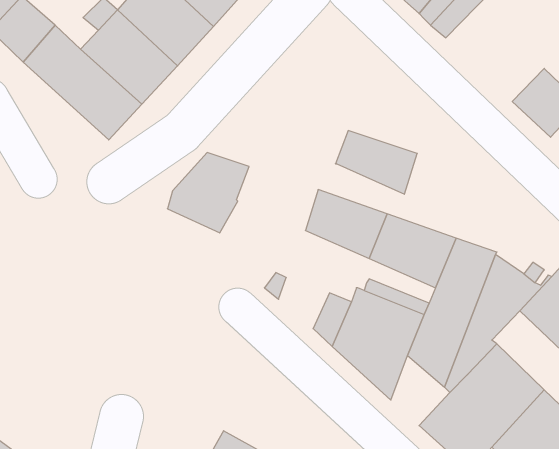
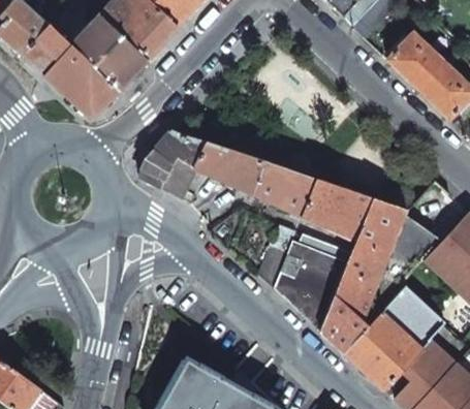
building: none -> [387,34,444,90]
building: [335,131,417,194] -> [195,143,261,194]
building: none -> [320,295,368,352]

